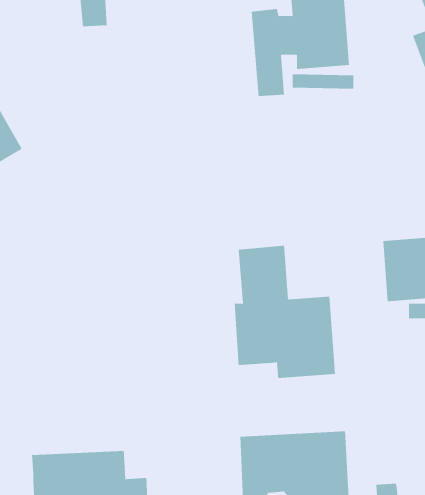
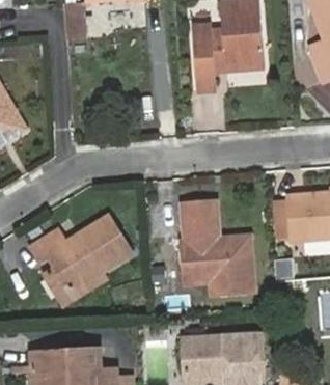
building: none -> [30,215,132,292]

